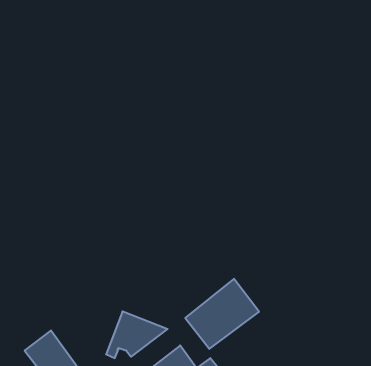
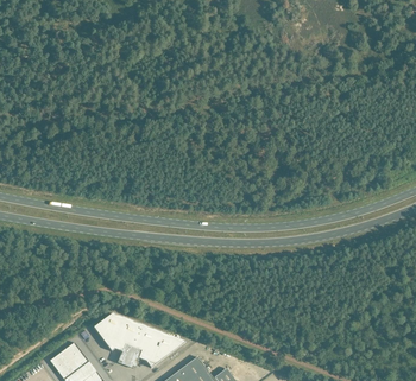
building: [185,279,259,349] -> none
building: none -> [93,312,141,364]

